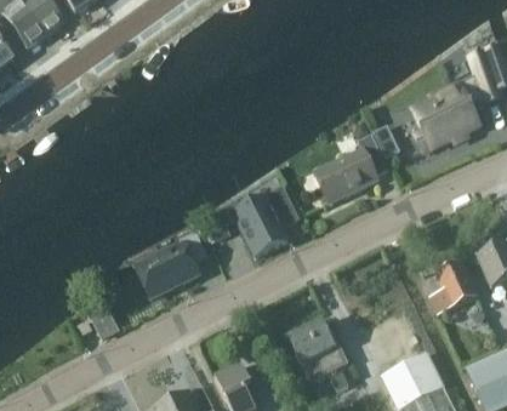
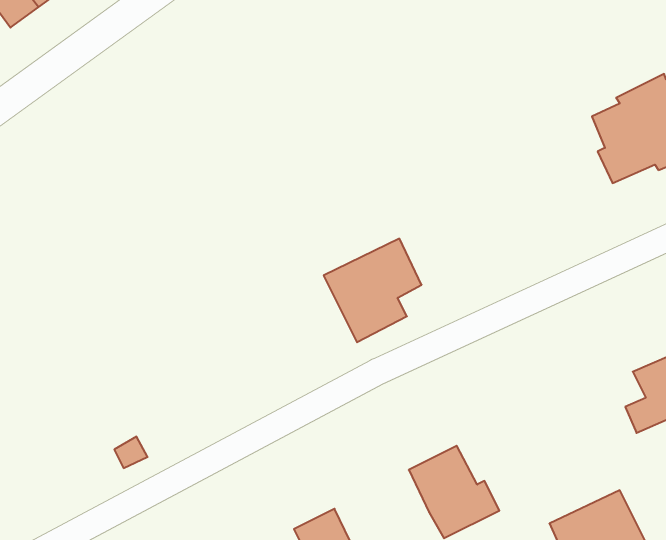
building: [311,131,387,200] -> none
building: [136,229,206,295] -> none

